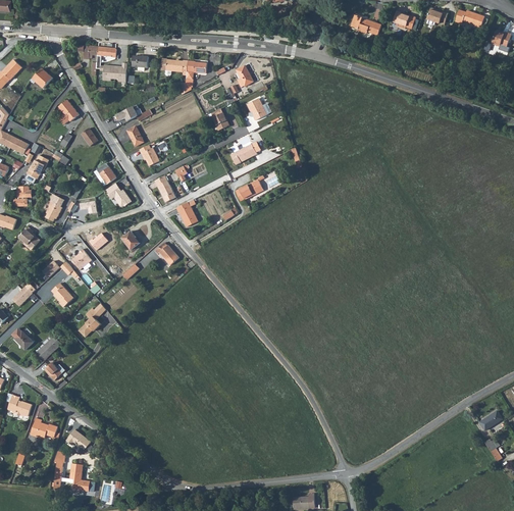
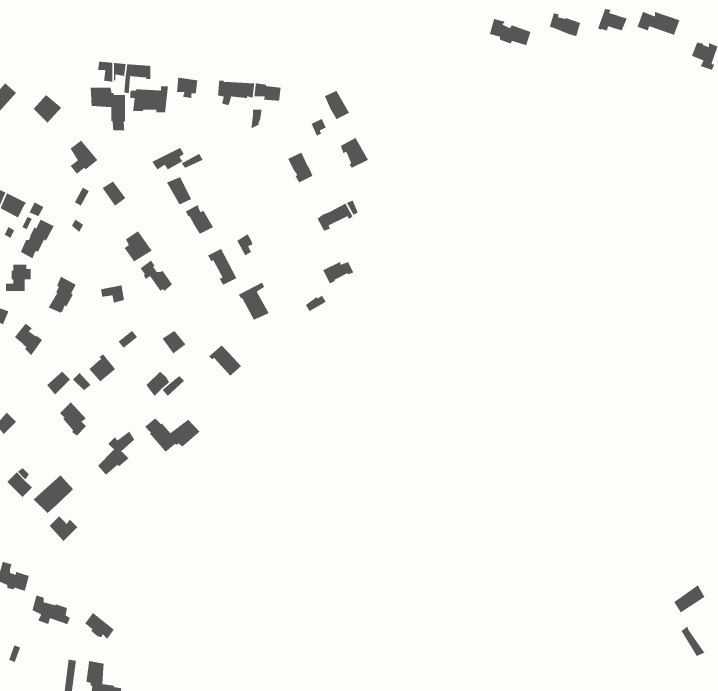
building: none -> [90,87,126,131]
building: none -> [144,417,200,453]

